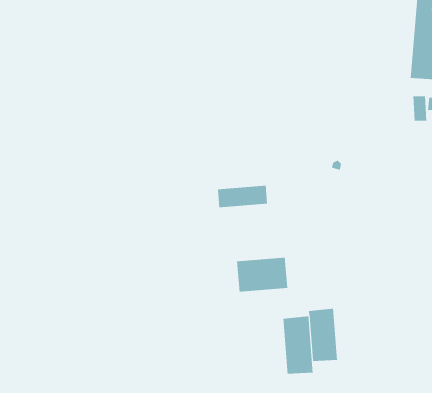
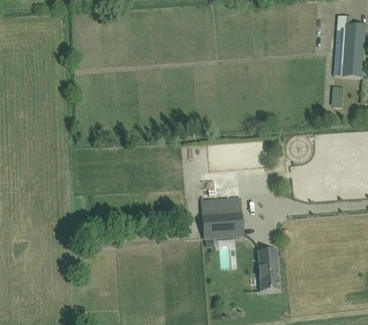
building: [217,185,268,208] -> [202,197,240,214]
building: [283,315,313,374] -> none

